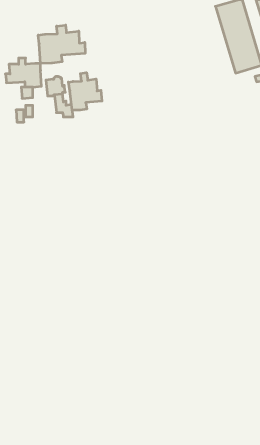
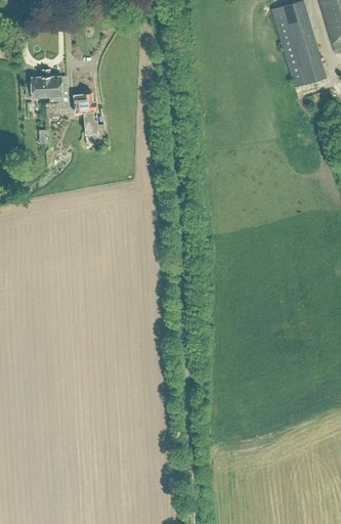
building: [38,25,85,63] -> none
building: [68,73,102,110] -> none

